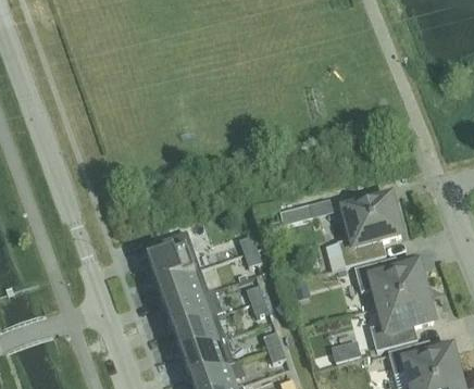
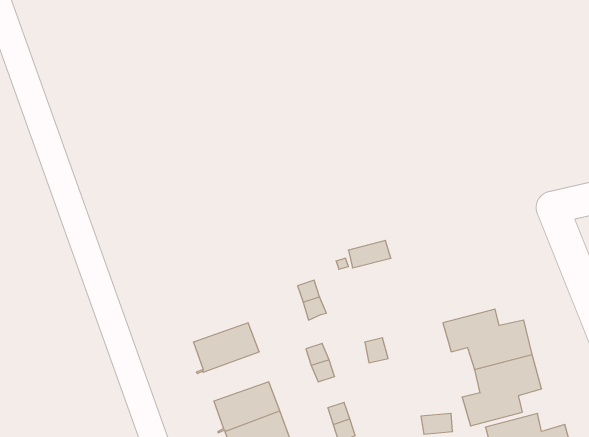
building: [339,196,402,265] -> none
building: [149,243,201,284] -> none
building: [165,290,217,330] -> none

